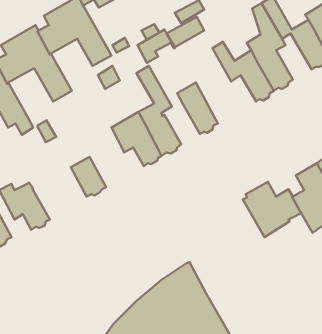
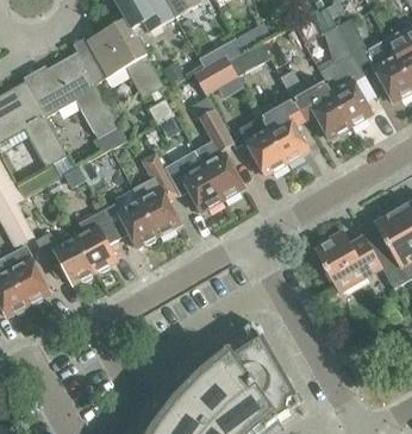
building: none -> [261,108,308,163]
building: none -> [132,149,181,235]
building: none -> [74,210,118,272]

